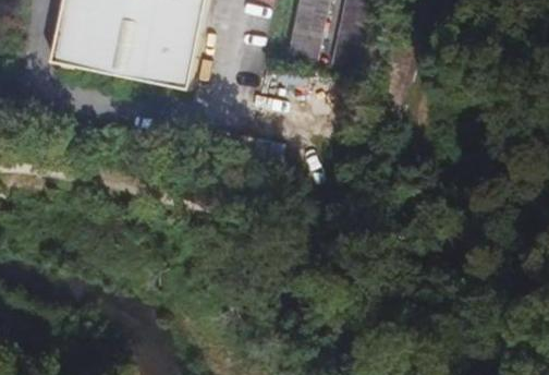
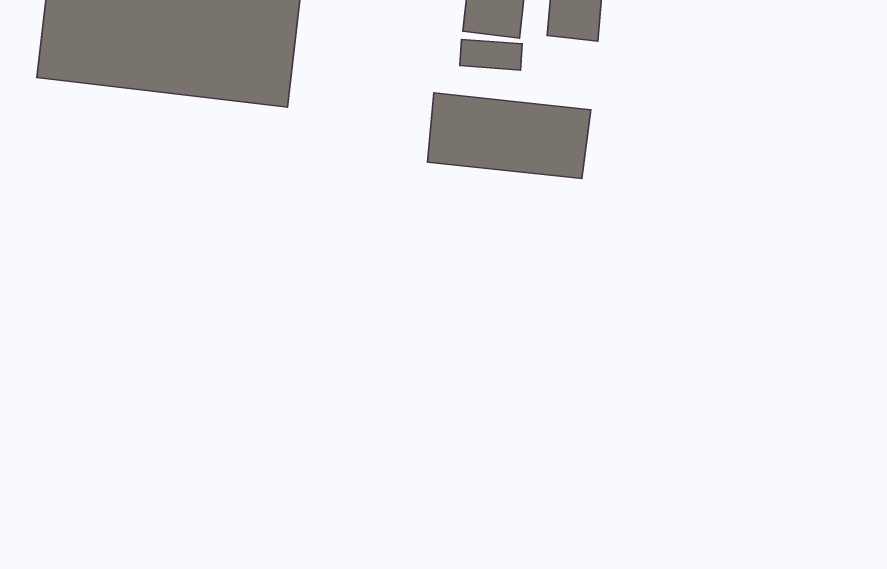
building: none -> [427,93,591,178]

